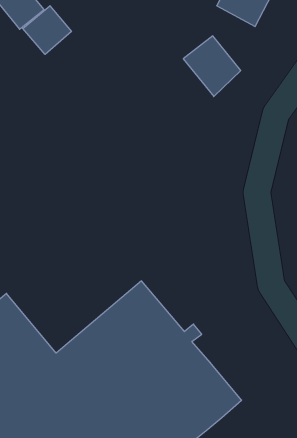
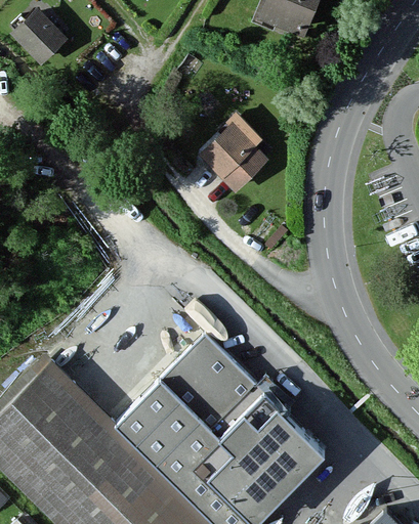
building: [23,6,71,54] -> none
building: [183,36,241,97] -> [198,124,263,191]

